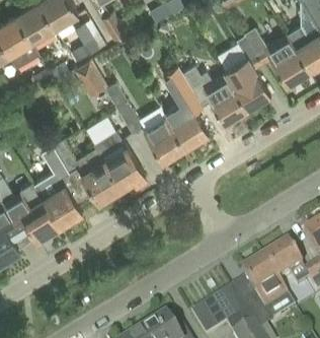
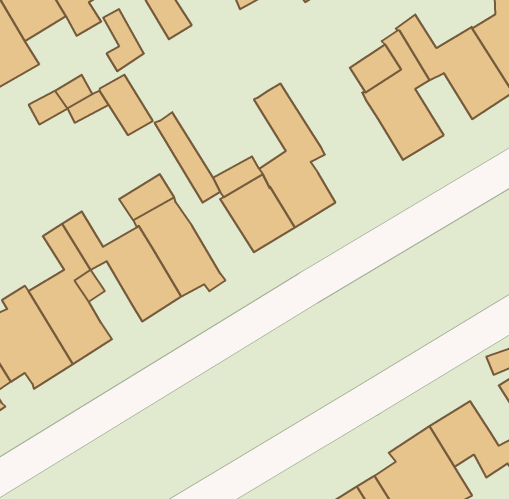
building: [183,67,248,125] -> none

